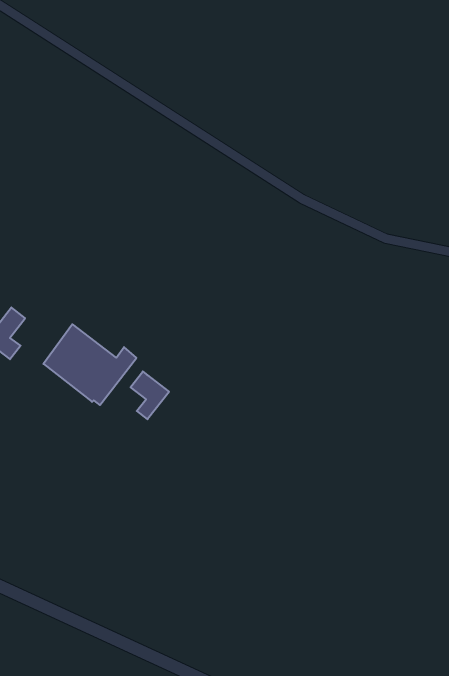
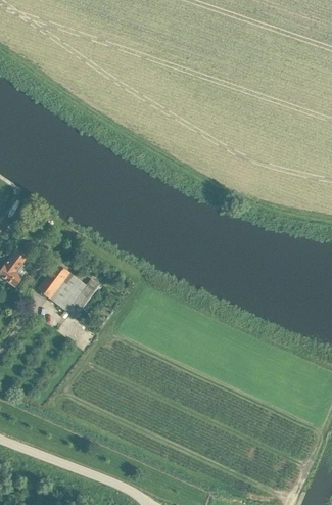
building: [131,371,169,419] -> none

